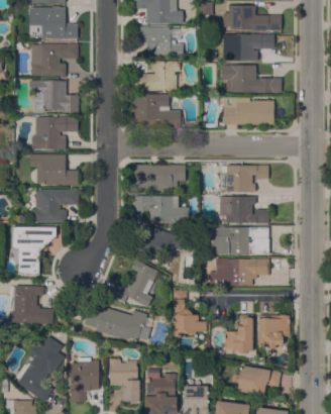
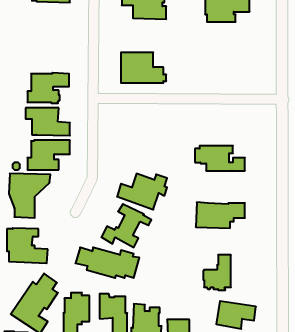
building: [31,43,78,76] -> none
building: [133,61,180,89] -> none
building: [222,66,281,92] -> none
building: [29,80,78,112] -> none
building: [223,97,273,125] -> none
building: [134,165,185,190] -> none
building: [218,165,268,192] -> none
building: [133,196,188,223] -> none
building: [207,227,269,254] -> none
building: [173,290,206,335] -> none
building: [258,315,289,348] -> none

